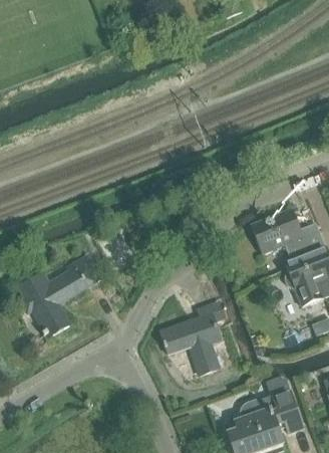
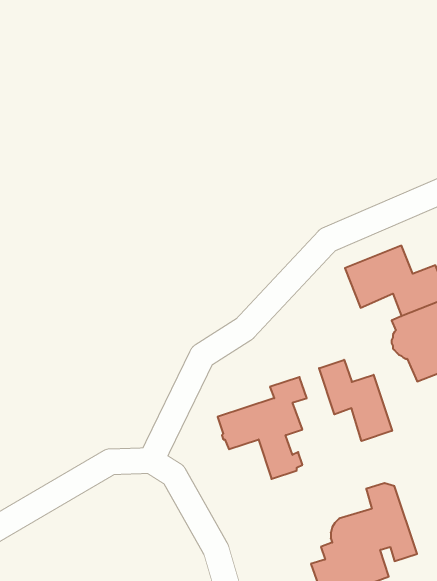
building: [17,254,99,335] -> none
building: none -> [319,360,392,441]

